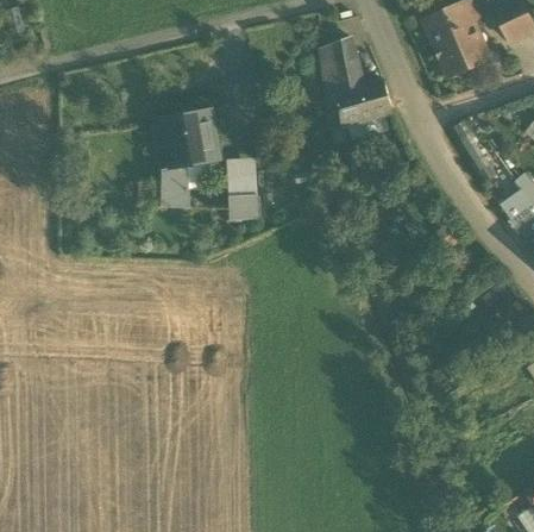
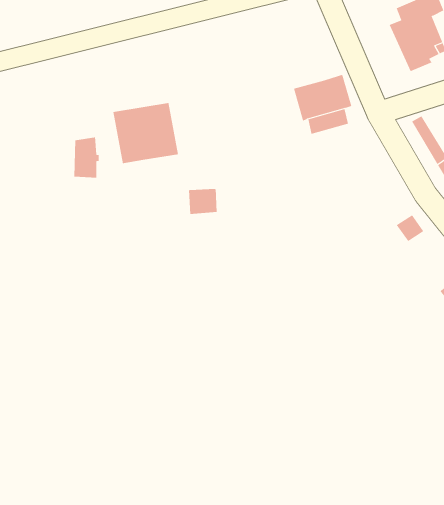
building: [323,37,365,130] -> none
building: [227,158,256,196] -> none
building: [161,167,187,208] -> [73,137,99,178]

